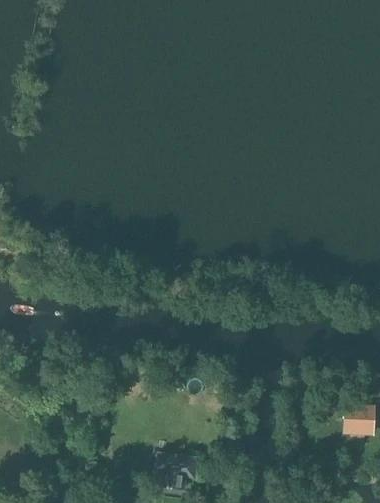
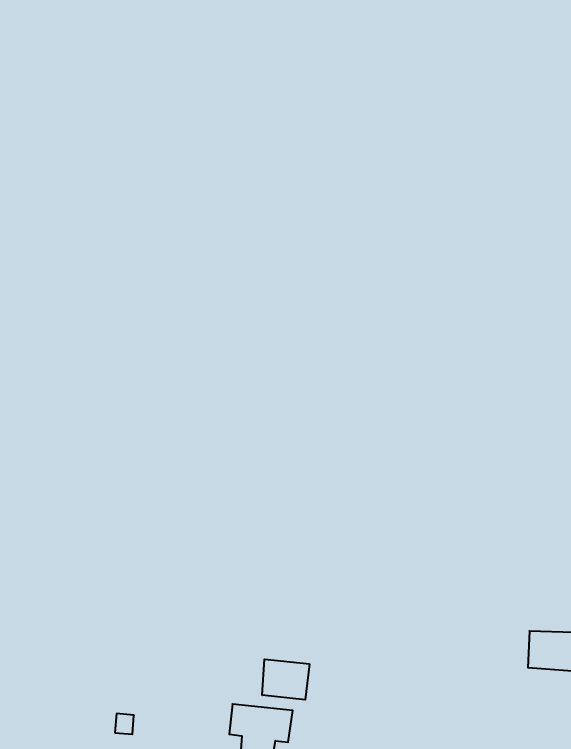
building: none -> [262,659,309,700]

